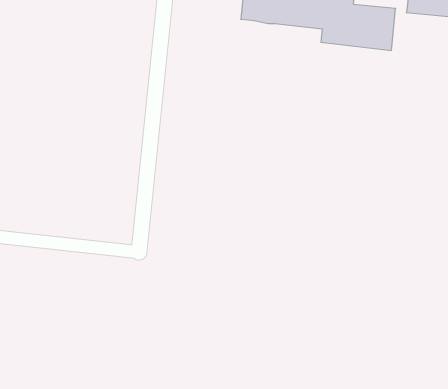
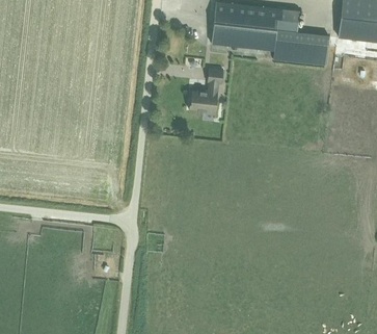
building: none -> [189,69,223,112]

